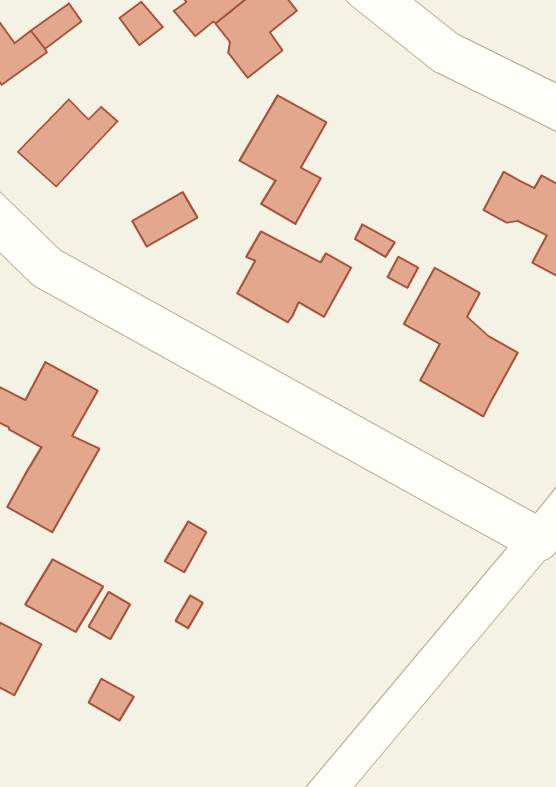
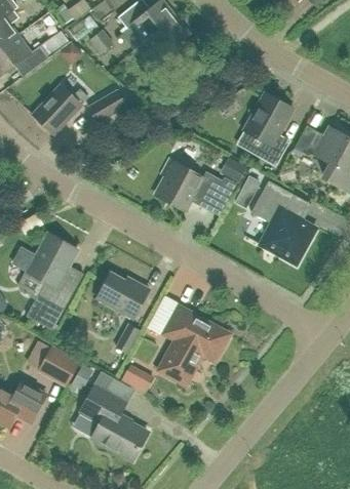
building: [239,95,326,224] -> [243,92,293,165]
building: [132,192,197,247] -> [88,90,125,121]
building: none -> [95,272,149,318]
building: none -> [157,304,228,384]
building: none -> [80,384,148,459]

